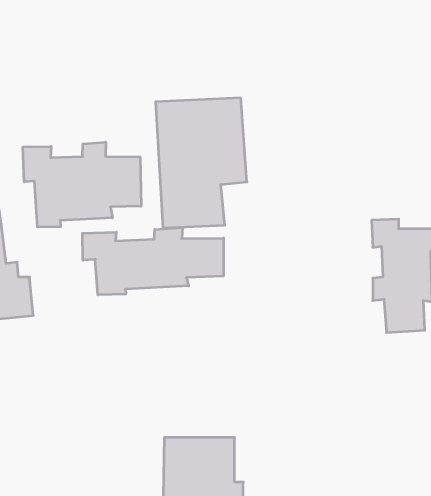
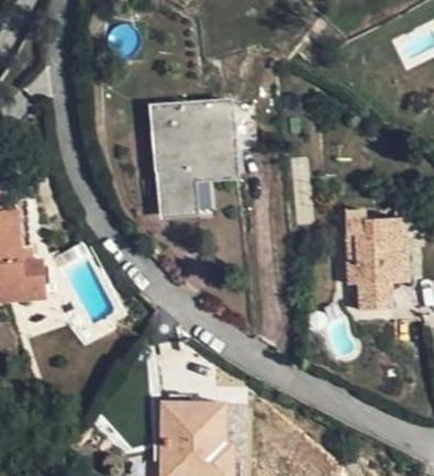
building: [23,142,141,227] -> none
building: [82,227,224,295] -> none

